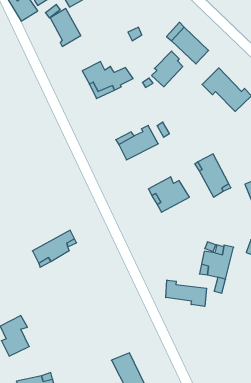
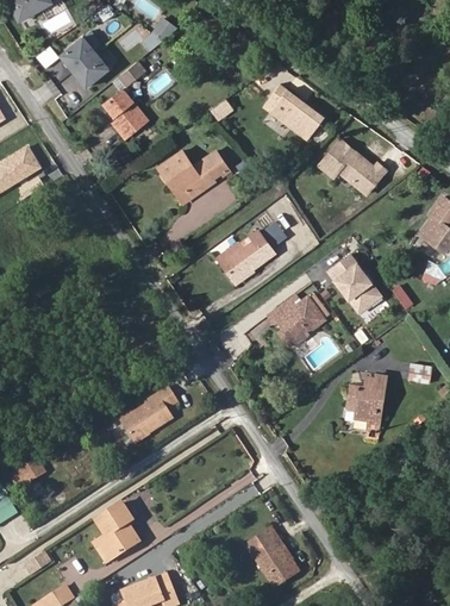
building: [152,51,183,87] -> none
building: [166,280,206,306] -> none

